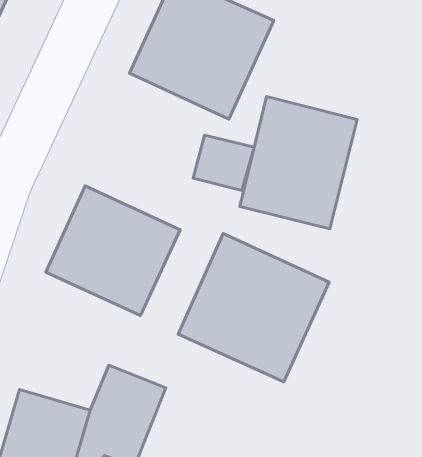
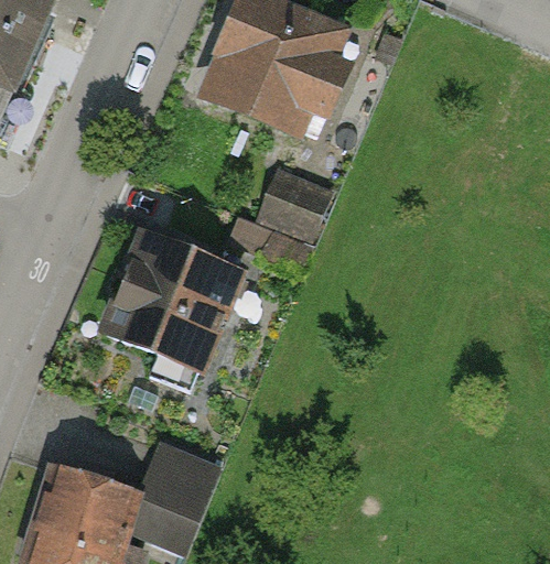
building: [240,97,357,229] -> none
building: [178,233,329,382] -> none

